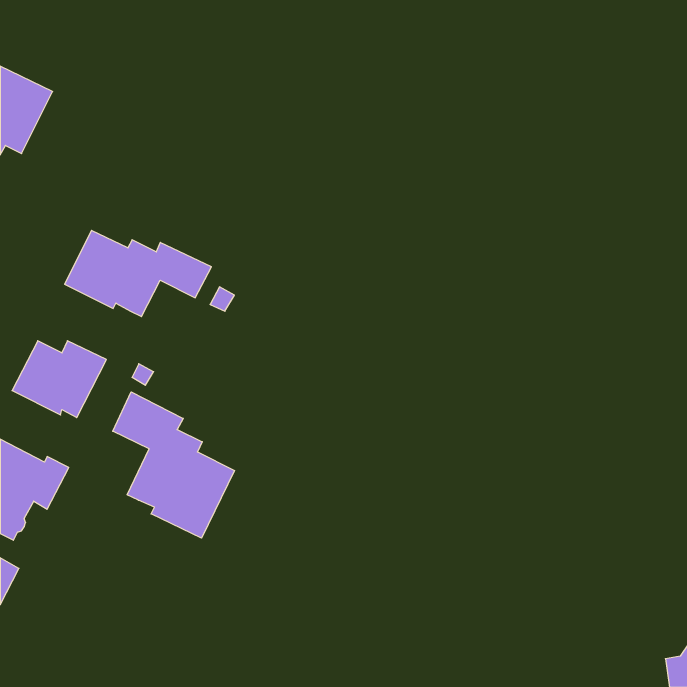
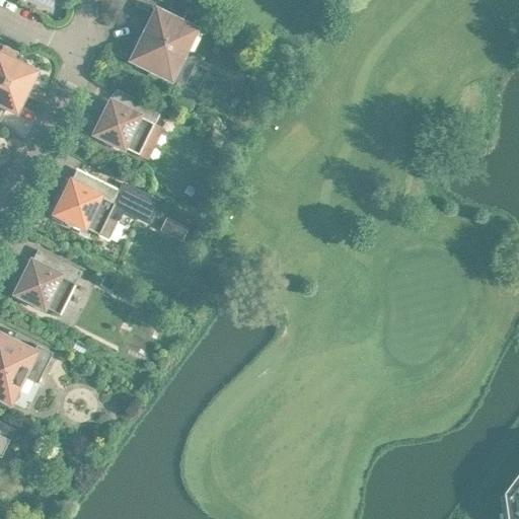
building: none -> [126,4,200,83]
building: none -> [89,95,160,154]
building: [113,392,235,538] -> none

